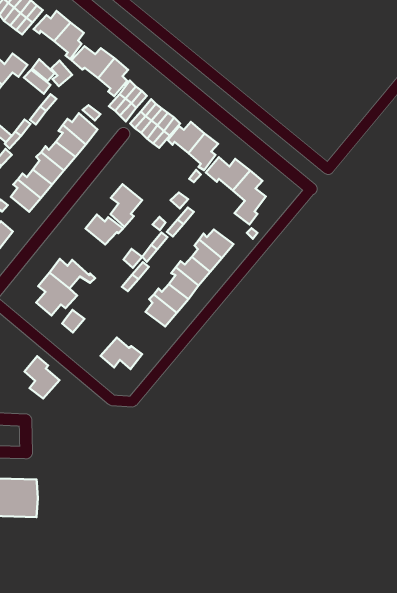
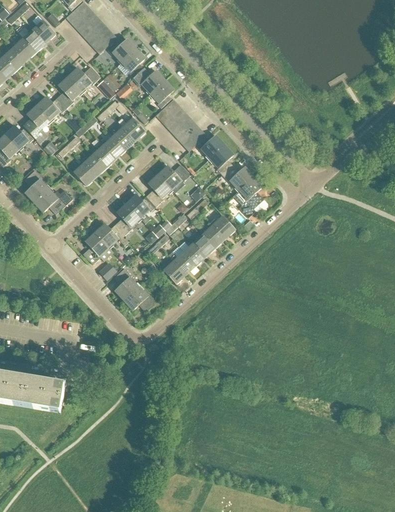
building: none -> [158,163,190,187]
building: none -> [114,202,139,234]
building: [25,356,60,398] -> [113,266,138,298]

